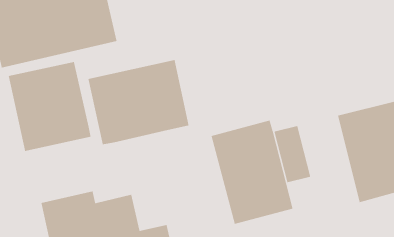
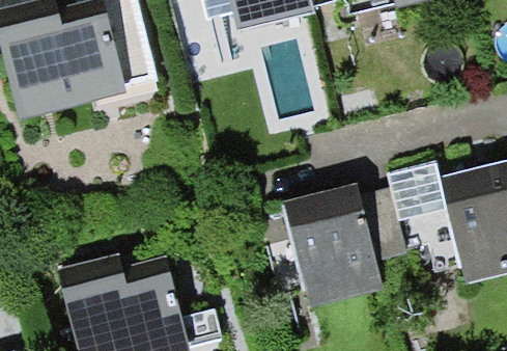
building: [88,59,190,145] -> none
building: [8,61,91,152] -> none

